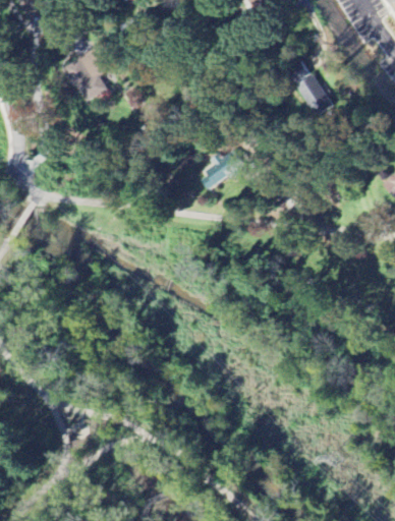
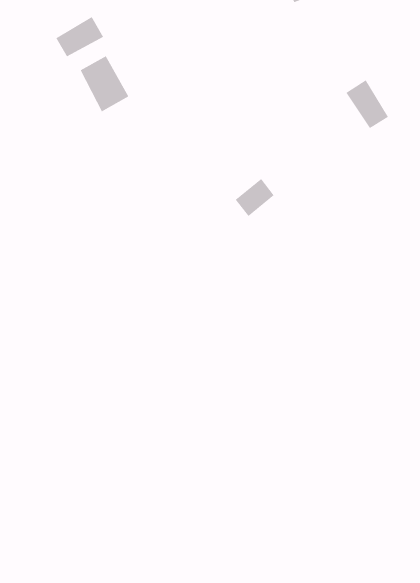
building: none -> [56,16,104,57]

